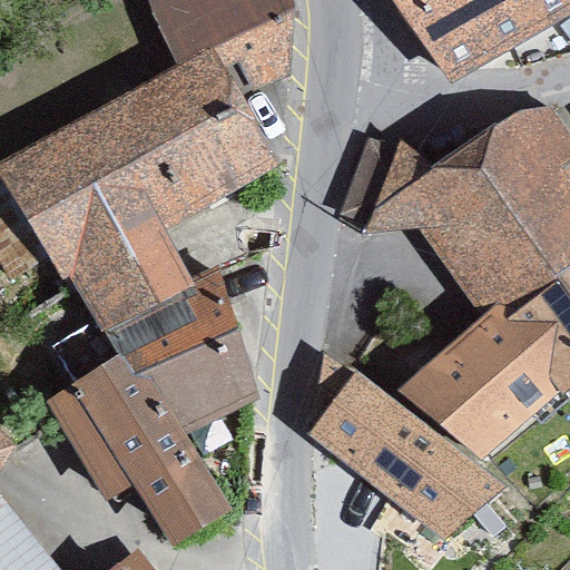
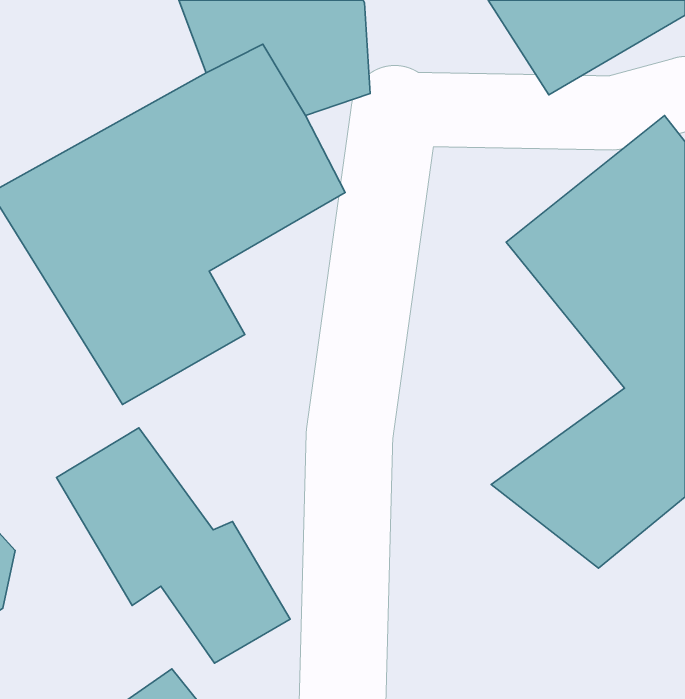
building: [99,257,255,432] -> none
building: [299,362,512,547] -> none

